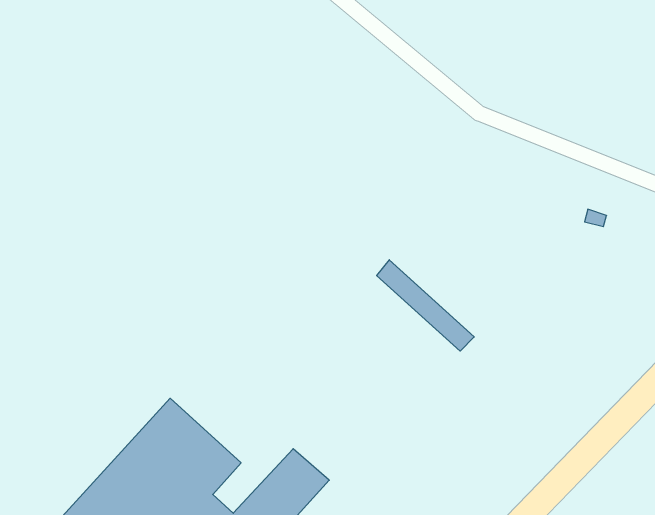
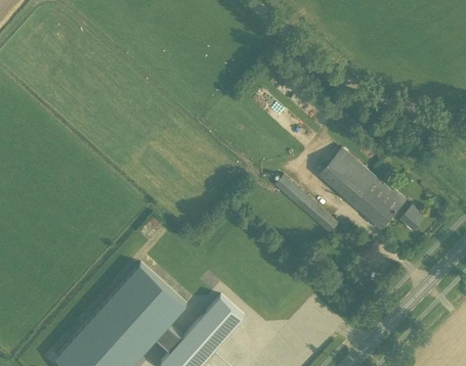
building: none -> [317,148,424,230]

